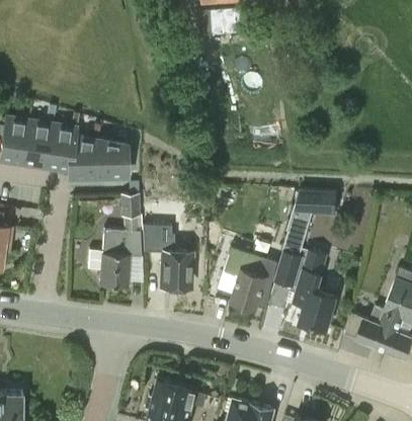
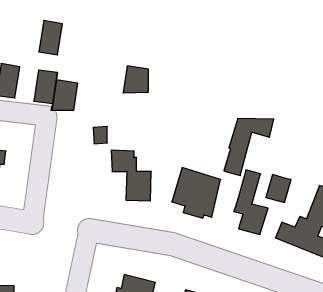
building: [22,123,52,166] -> [39,21,62,55]
building: [95,144,127,177] -> [123,66,148,93]
building: [87,229,140,287] -> none
building: [275,253,307,287] -> [266,175,291,202]

